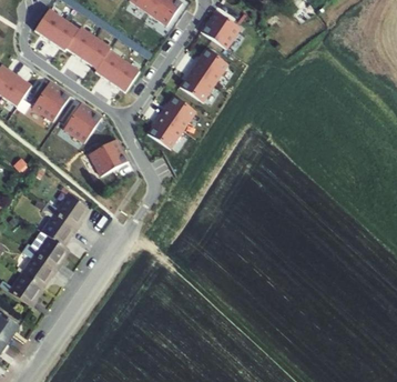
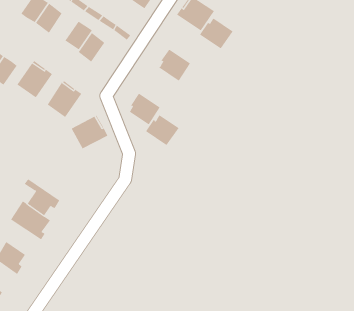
building: [67,28,95,59] -> none
building: [192,49,228,83] -> [199,17,234,49]
building: [110,61,140,92] -> none
building: [160,96,196,130] -> [145,114,179,146]
building: [42,192,88,229] -> none
building: [19,249,57,286] -> none

